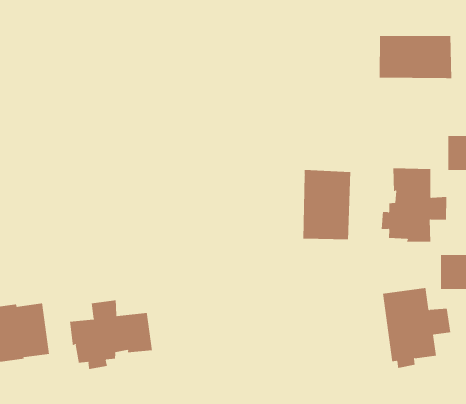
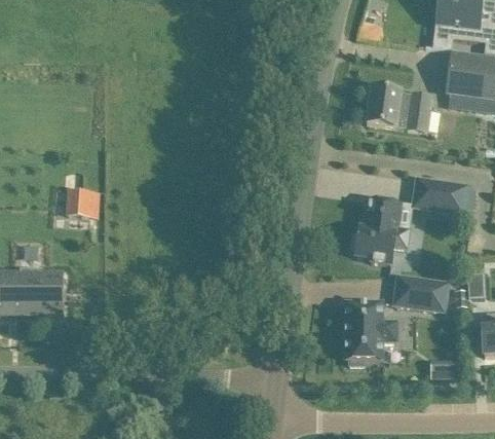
building: [303,169,351,240] -> none
building: none -> [67,188,94,215]
building: [69,299,153,370] -> none

